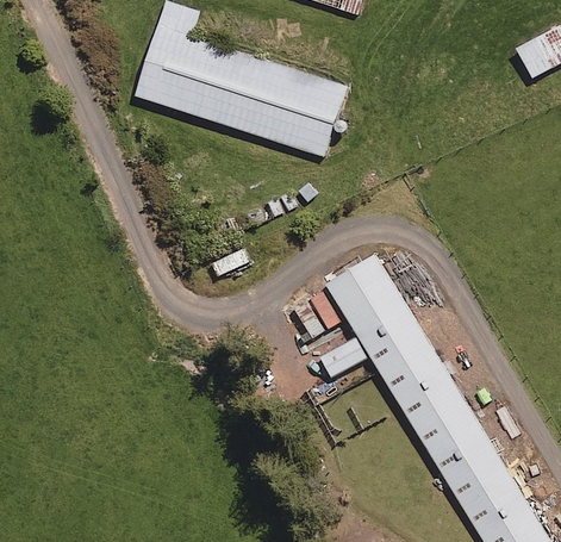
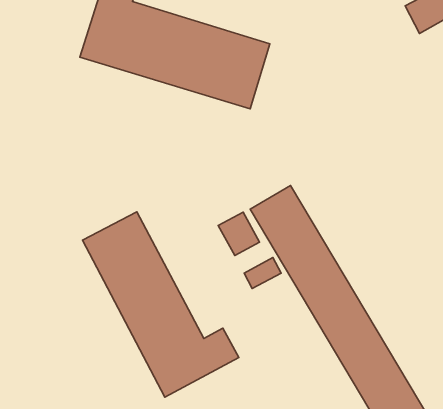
building: none -> [83,212,239,397]

